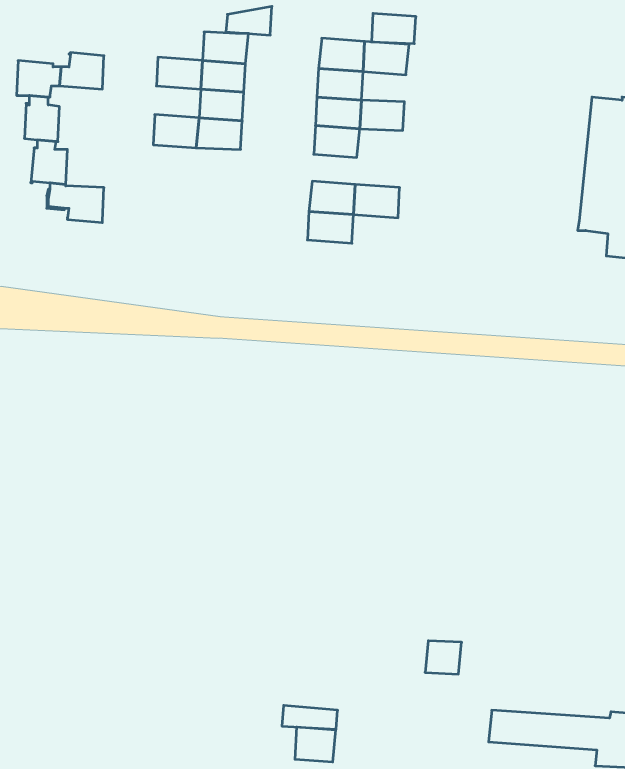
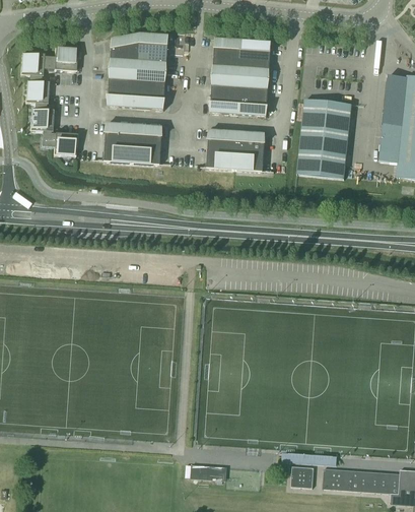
building: [226,6,272,35] -> [111,34,140,52]
building: [371,13,416,44] -> [240,59,269,78]
building: none -> [109,68,138,88]
building: none -> [237,95,267,116]
building: none -> [296,99,351,178]
building: none -> [103,123,162,164]
building: none -> [234,150,264,171]
building: [425,641,462,674] -> [290,465,314,487]
building: [295,727,336,762] -> none

